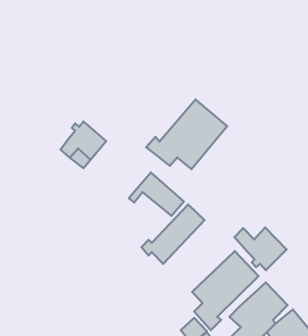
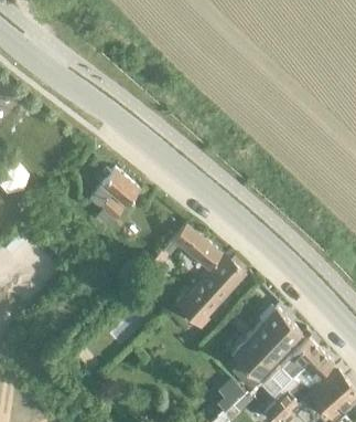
building: [146,100,227,169] -> none
building: [235,227,286,270] -> none

